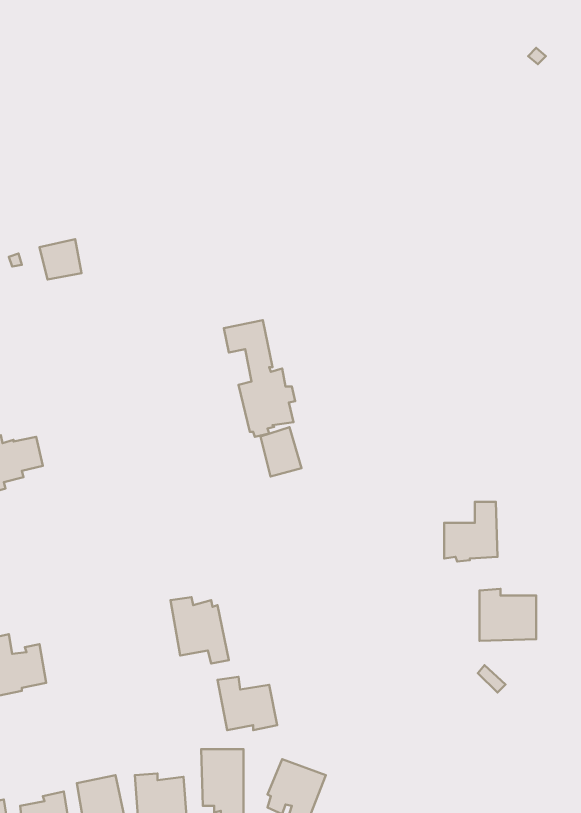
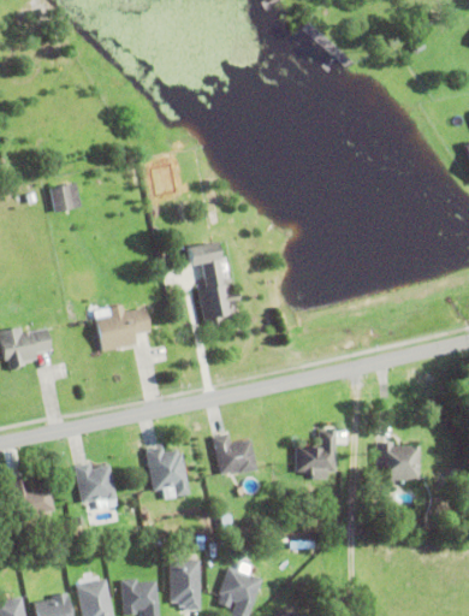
building: none -> [95,304,150,351]
building: [260,427,301,476] -> none
building: [444,502,497,562] -> [296,431,336,475]
building: none -> [75,463,115,503]
building: [217,677,277,730] -> [213,434,257,474]

